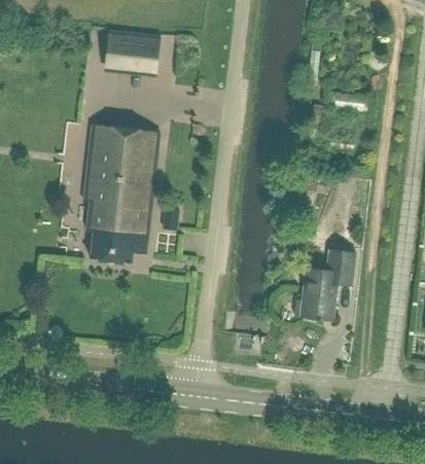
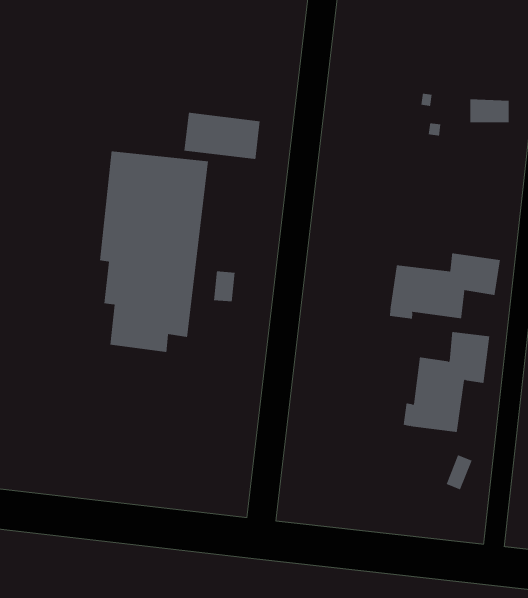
building: [105,30,158,63] -> [184,112,261,160]
building: none -> [390,253,500,320]

